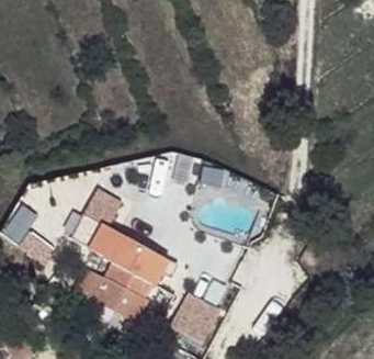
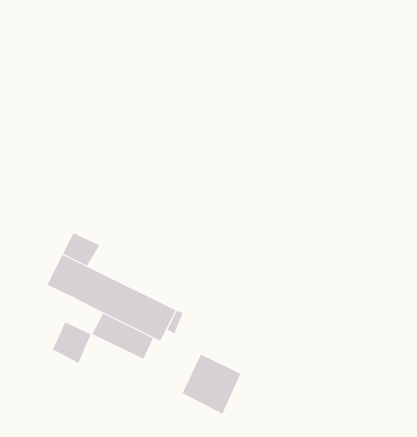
building: [94,277,147,322] -> none

